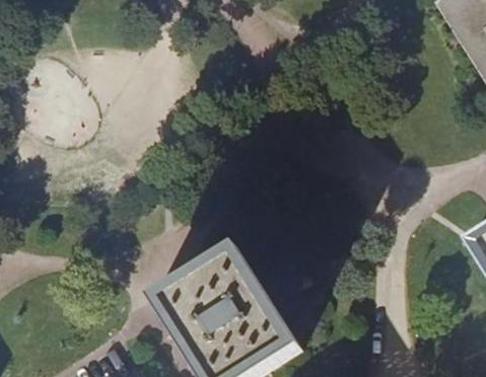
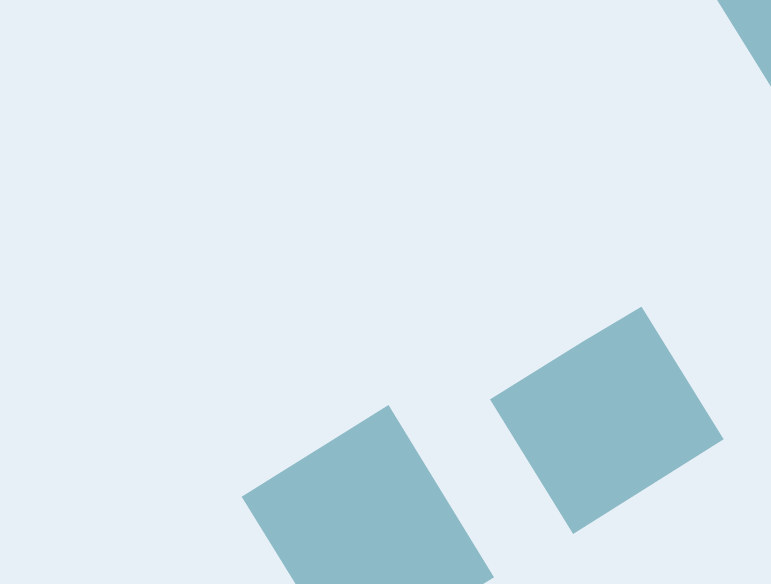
building: none -> [489,305,725,535]

